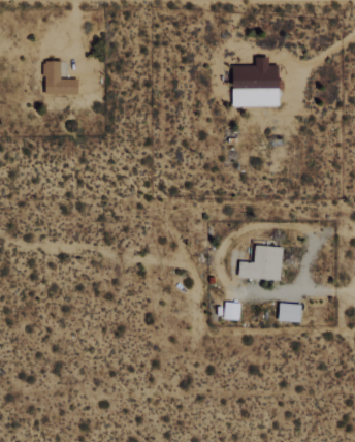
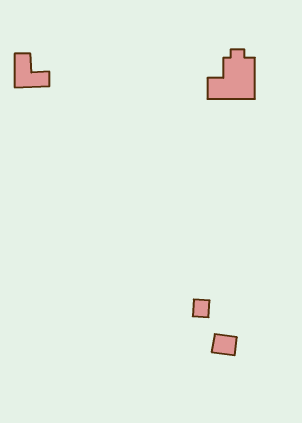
building: [237,245,281,281] -> none
building: [275,303,299,323] -> [212,334,237,355]

